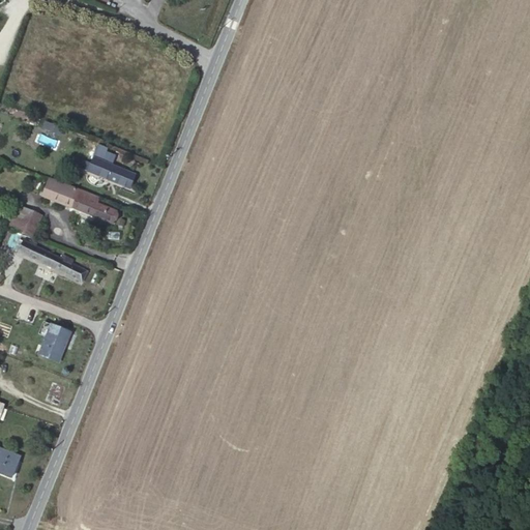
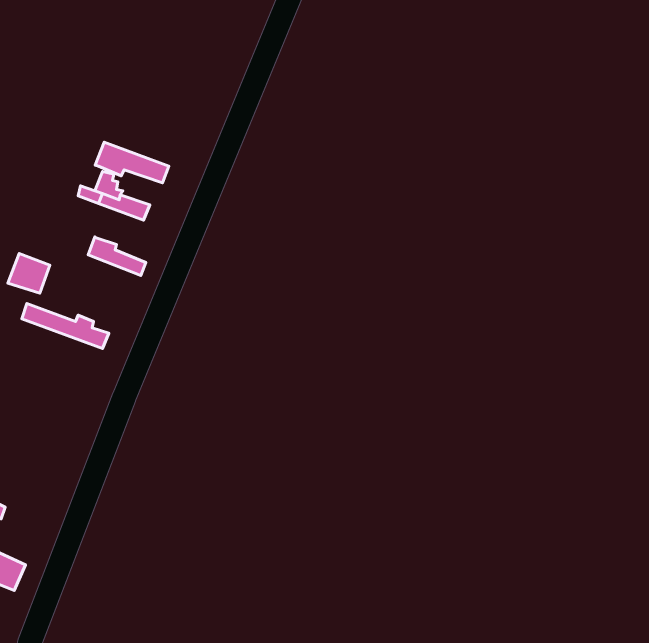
building: none -> [95,142,169,183]
building: [42,177,80,206] -> none
building: [40,326,71,362] -> none

